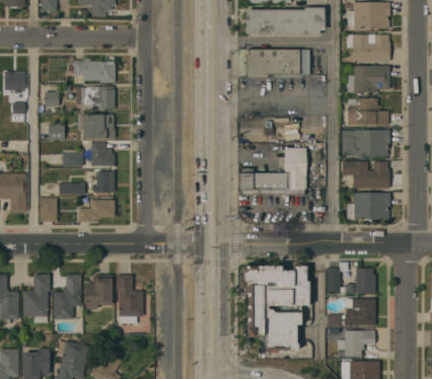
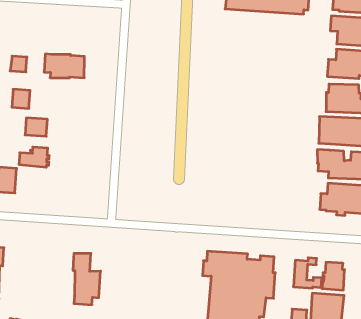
building: [245,51,309,77] -> none
building: [73,58,115,84] -> none
building: [76,115,115,138] -> none
building: [90,142,114,166] -> none
building: [239,147,305,195] -> none
building: [92,171,114,192] -> none
building: [77,200,114,222] -> none
building: [53,274,80,318] -> none
building: [85,274,112,308] -> none

